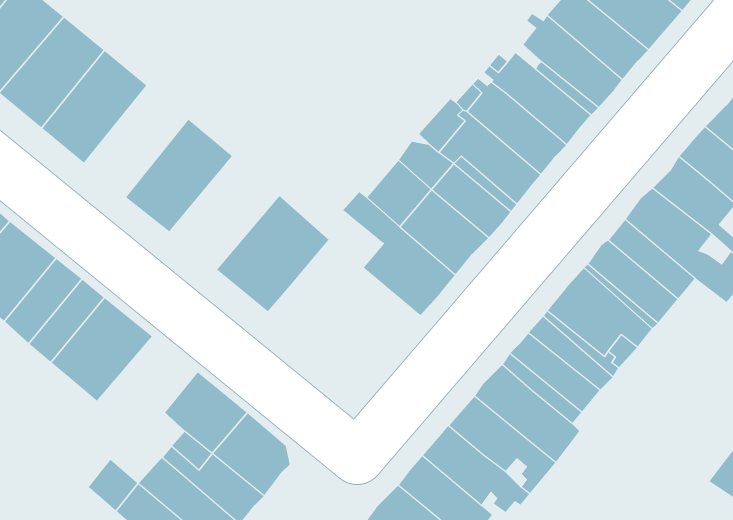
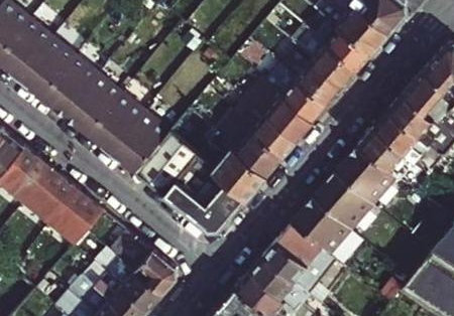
building: none -> [65,72,121,133]
building: none -> [111,111,172,172]
building: none -> [164,171,247,231]

